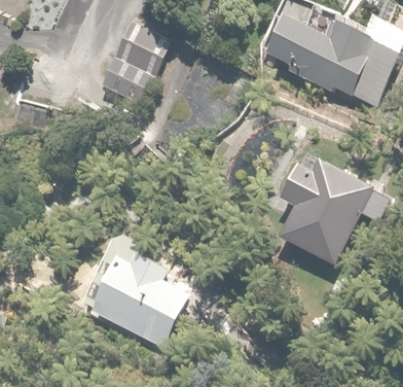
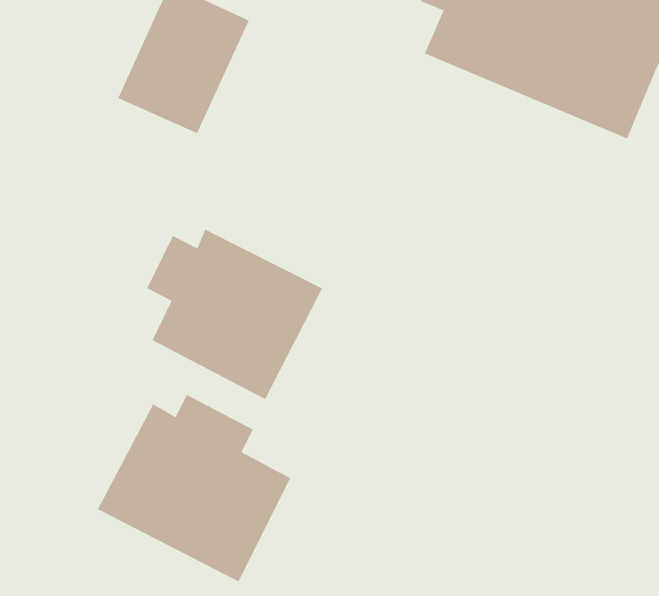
building: none -> [146,229,323,400]
building: [271,156,376,268] -> none

